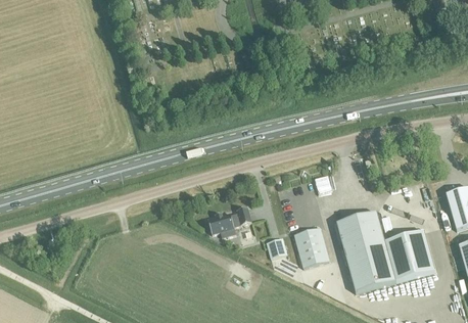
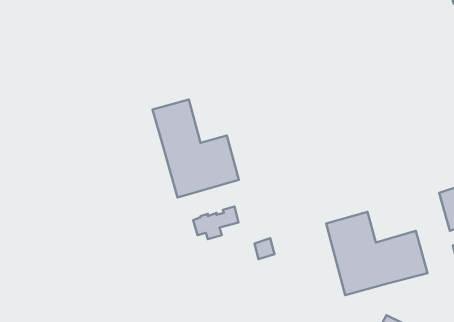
building: none -> [152,100,239,198]
building: [294,226,329,267] -> none

